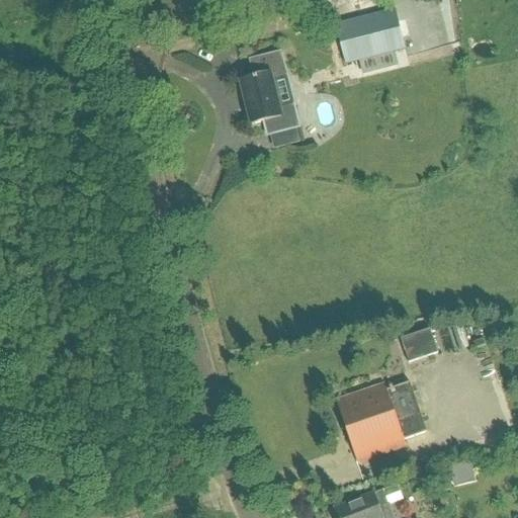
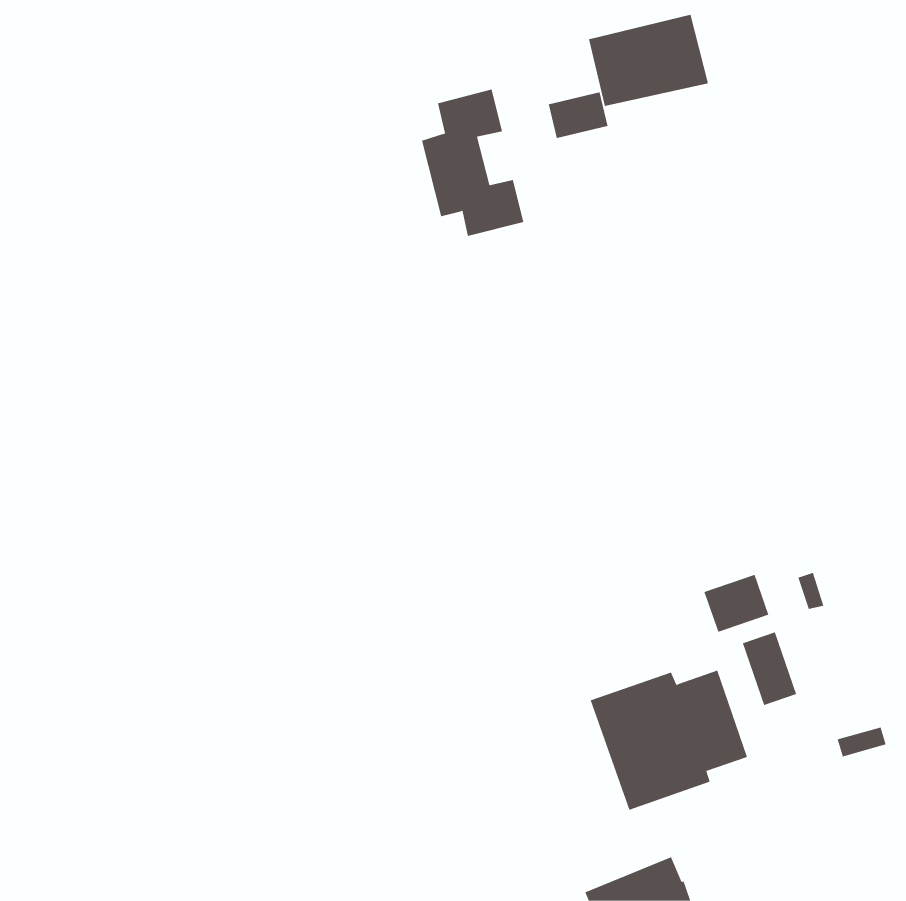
building: none -> [548,92,608,139]
building: none -> [742,632,797,706]

